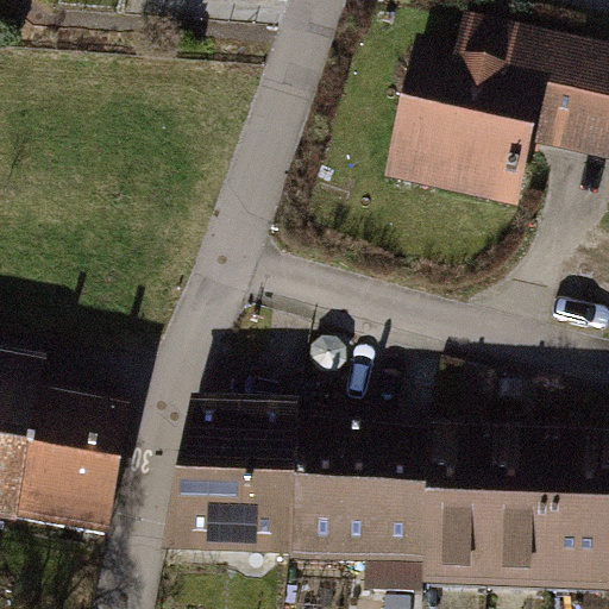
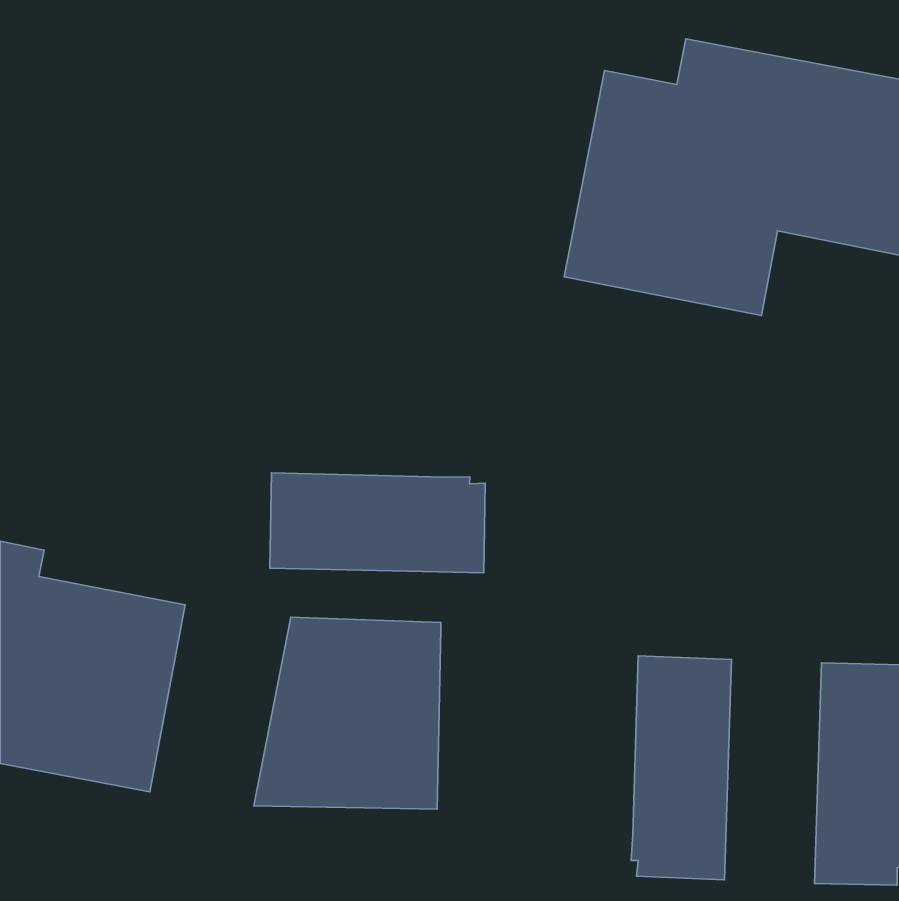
building: none -> [270,473,485,573]
building: [295,425,432,563] -> none
building: [490,445,555,596] -> none

